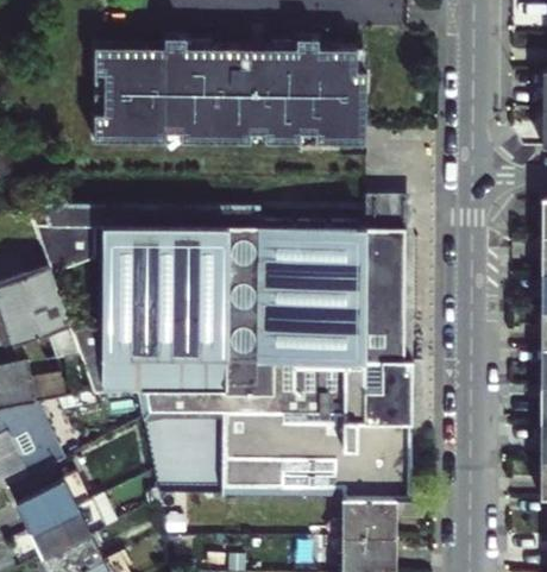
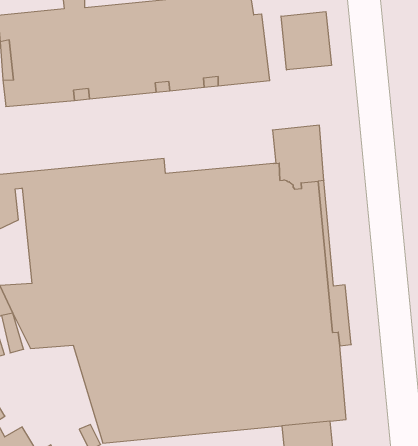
building: none -> [281,12,331,70]

